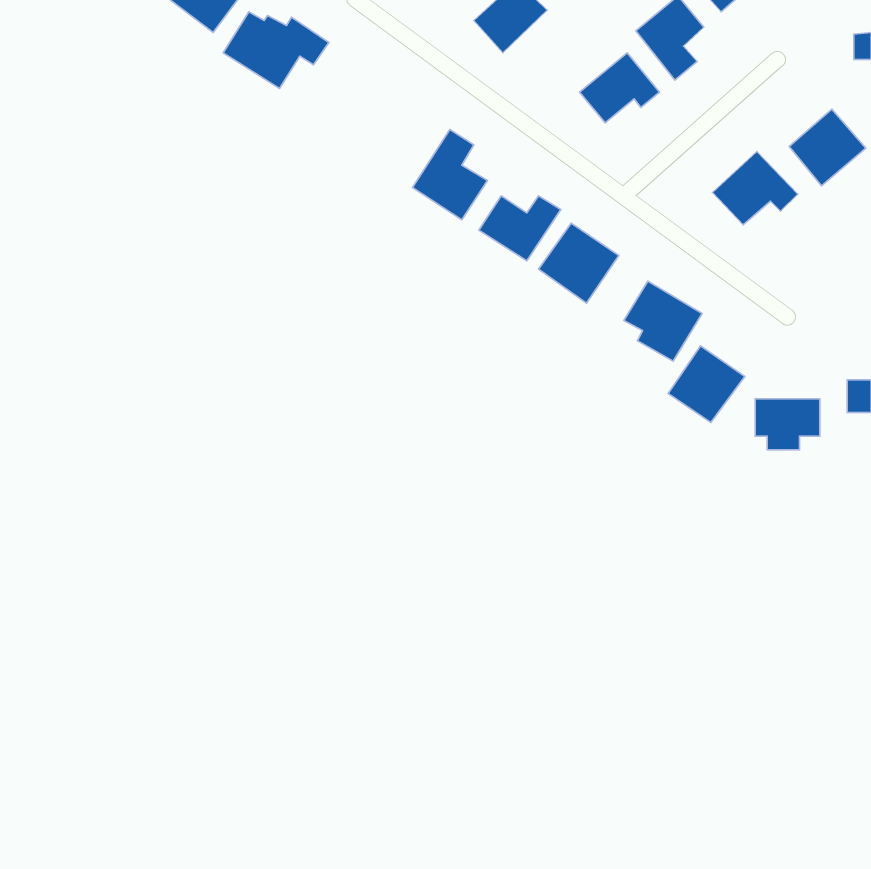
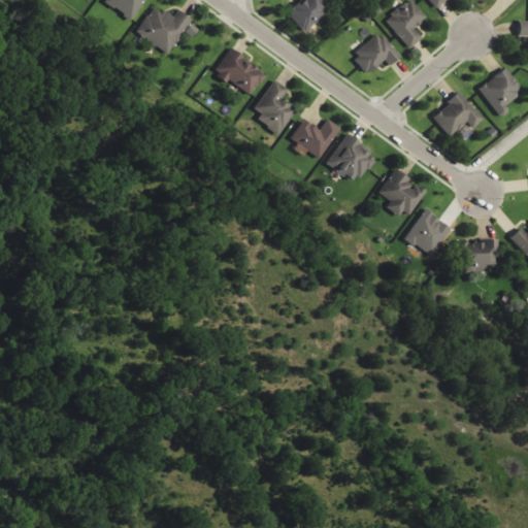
building: none -> [212,47,265,96]

